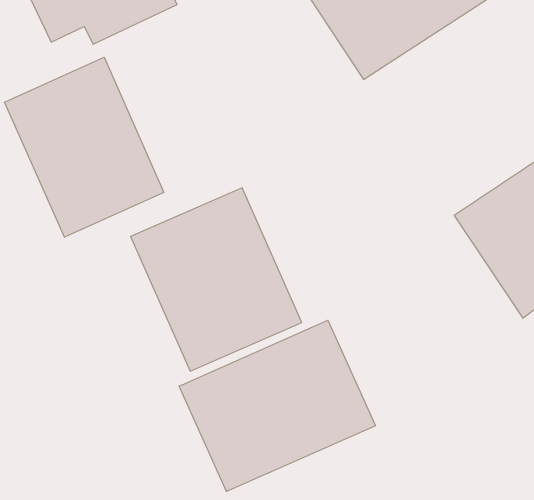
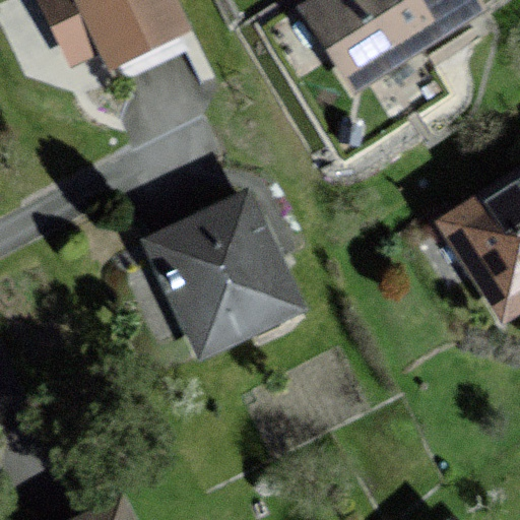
building: [5,57,164,237] -> none
building: [179,320,375,492] -> none

